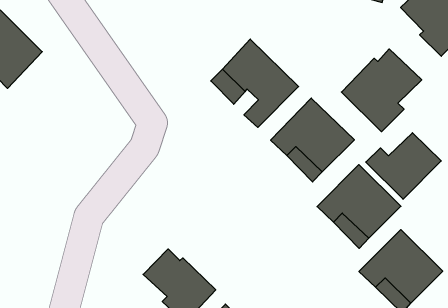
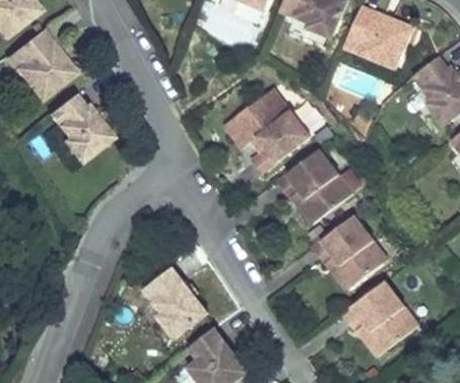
building: [341,49,422,132] -> none
building: none -> [50,93,114,163]
building: [366,133,441,199] -> none

